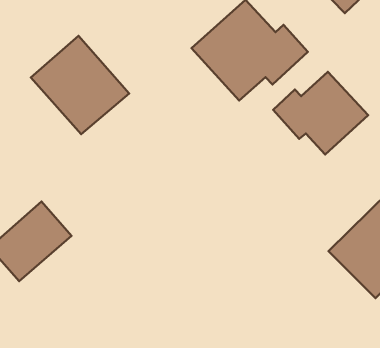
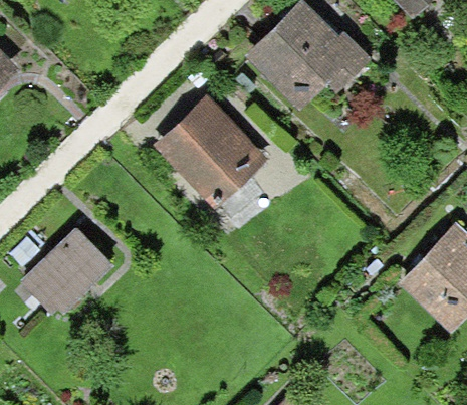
building: [31,36,129,134] -> [155,98,264,208]
building: [273,72,368,154] -> none

